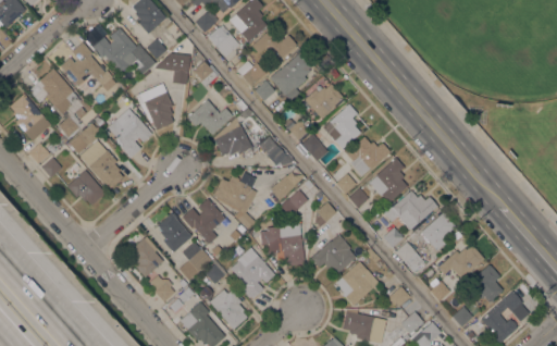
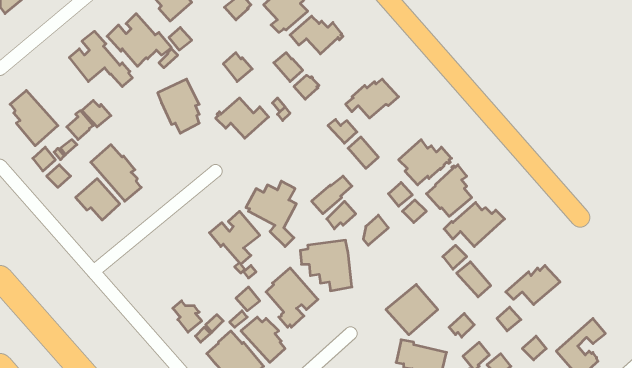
building: [208,25,239,57] -> none
building: [269,50,314,101] -> none
building: [153,53,189,84] -> none
building: [28,69,79,114] -> none
building: [322,103,360,149] -> none
building: [108,108,152,158] -> none
building: [213,119,252,156] -> none
building: [69,123,103,152] -> none
building: [260,136,293,165] -> none
building: [420,212,456,250] -> none
building: [157,213,191,252] -> none
building: [311,235,356,273] -> none
building: [129,237,163,277] -> none
building: [178,242,211,280] -> none
building: [468,264,503,302] -> none

